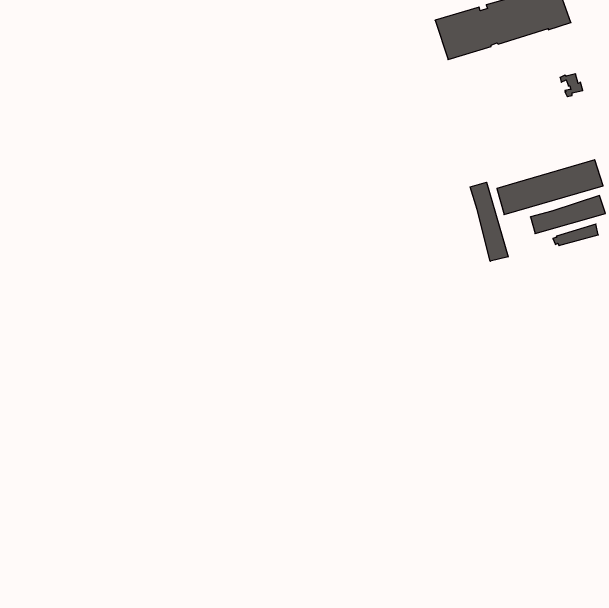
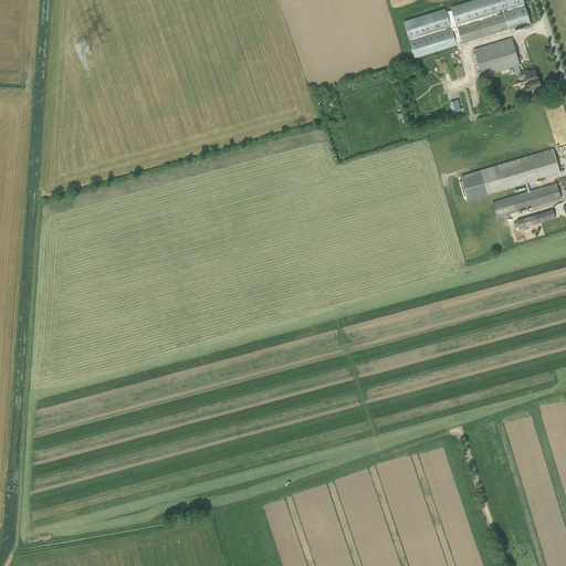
building: none -> [473,36,520,76]
building: [470,182,508,261] -> none

